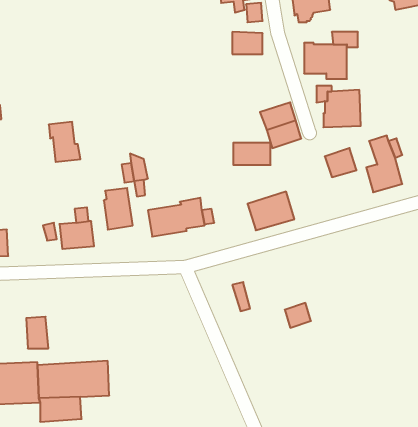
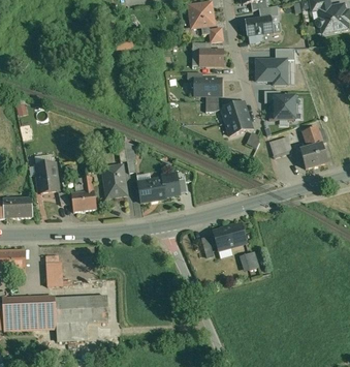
building: [49,122,80,162] -> [36,162,60,192]
building: [233,143,271,165] -> [194,79,222,95]
building: [247,192,294,230] -> [214,220,249,249]

